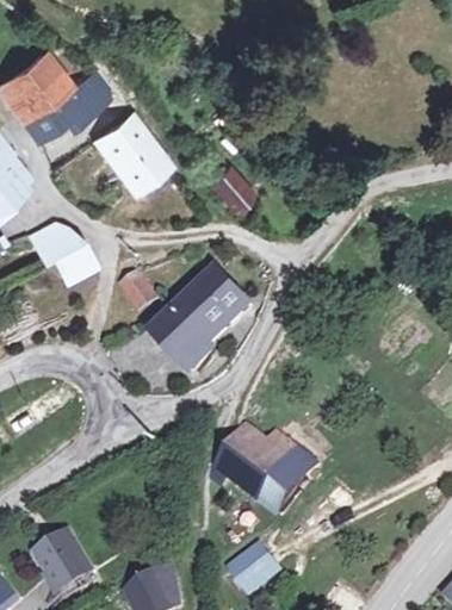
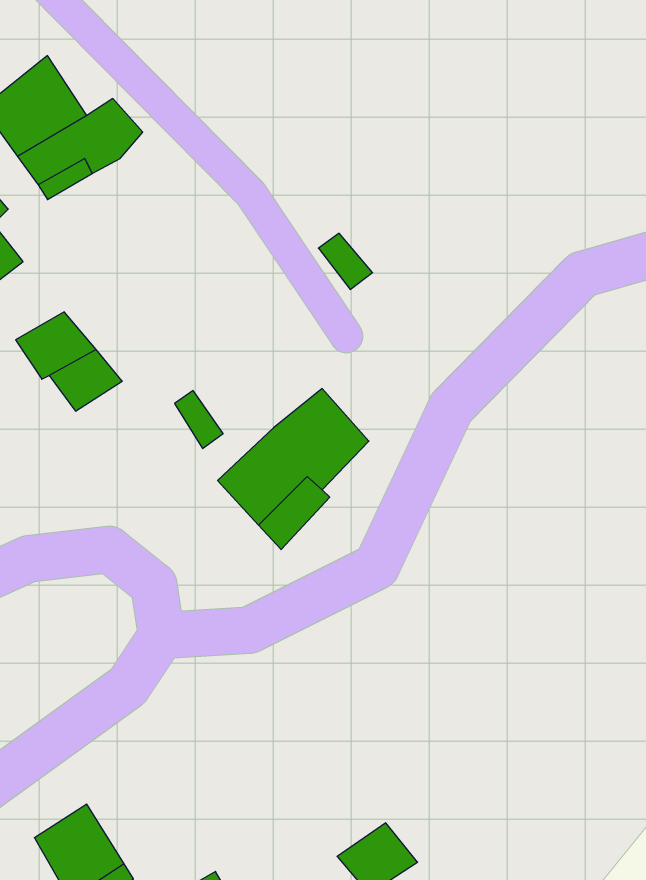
building: [94,112,168,192] -> none
building: [210,419,322,512] -> none

